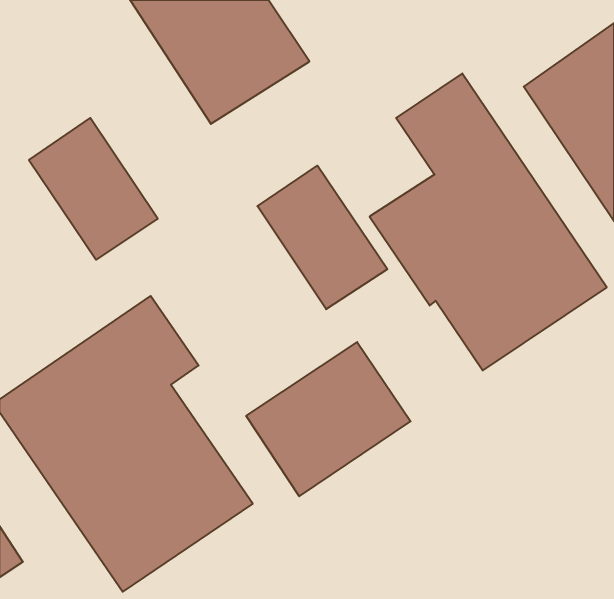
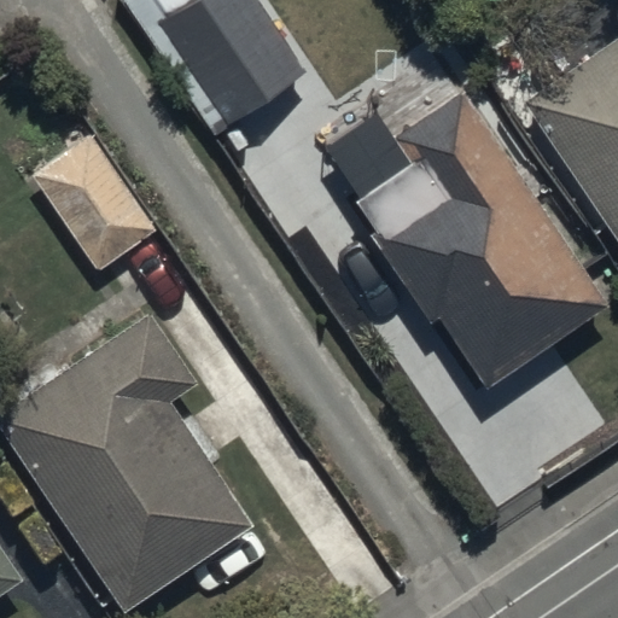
building: [257,166,387,309] -> none
building: [246,342,411,496] -> none

